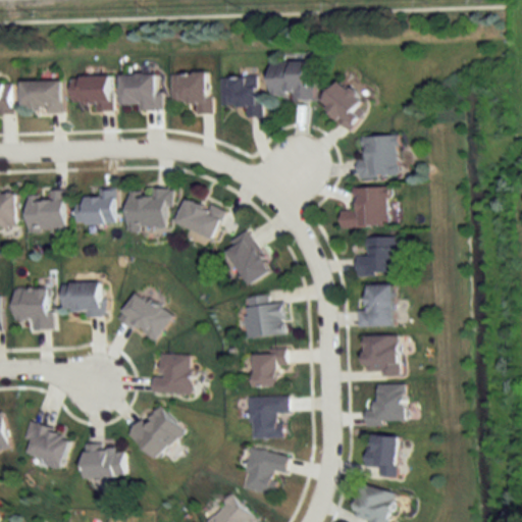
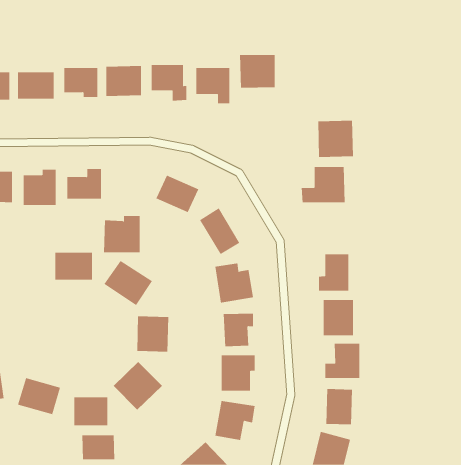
building: [316,80,361,128] -> none
building: [125,188,167,229] -> [103,215,140,253]
building: [354,237,396,275] -> none
building: [11,289,51,329] -> none
building: none -> [82,434,115,460]

